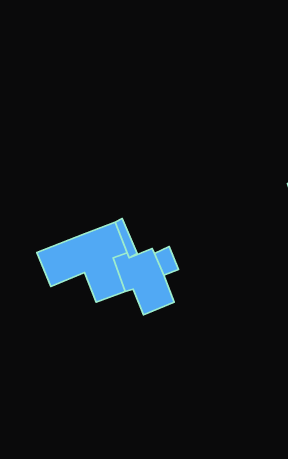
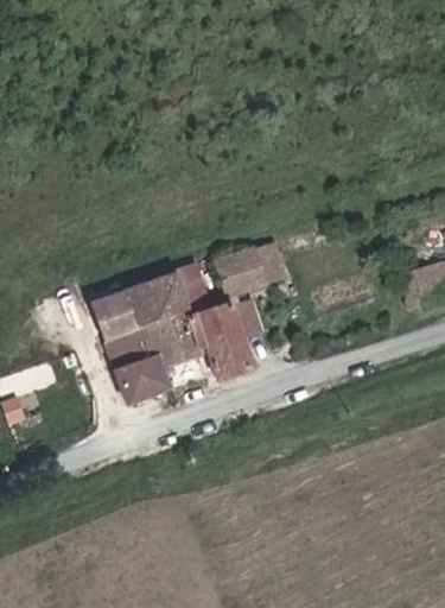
building: none -> [215,241,280,296]
building: none -> [108,327,169,401]

